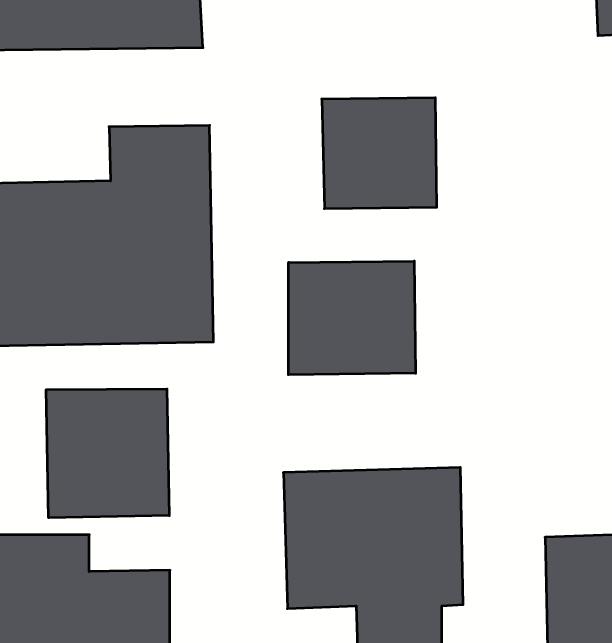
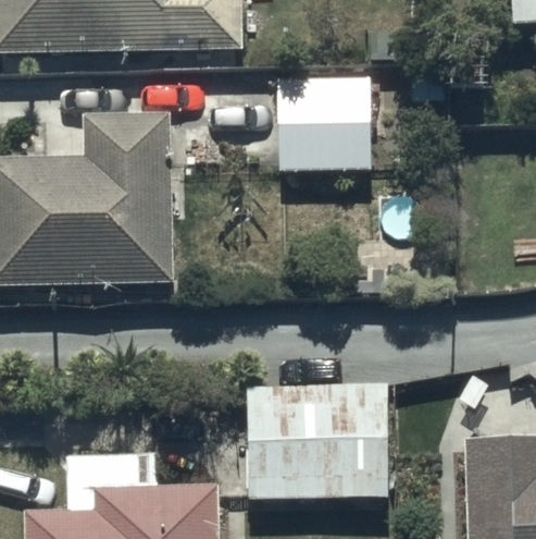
building: [288,261,416,375] -> none
building: [46,389,169,518] -> none

